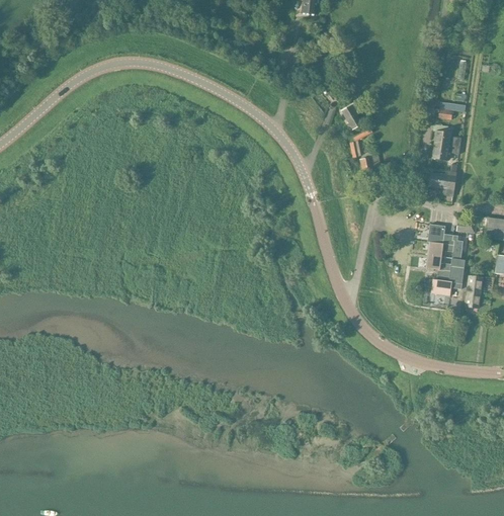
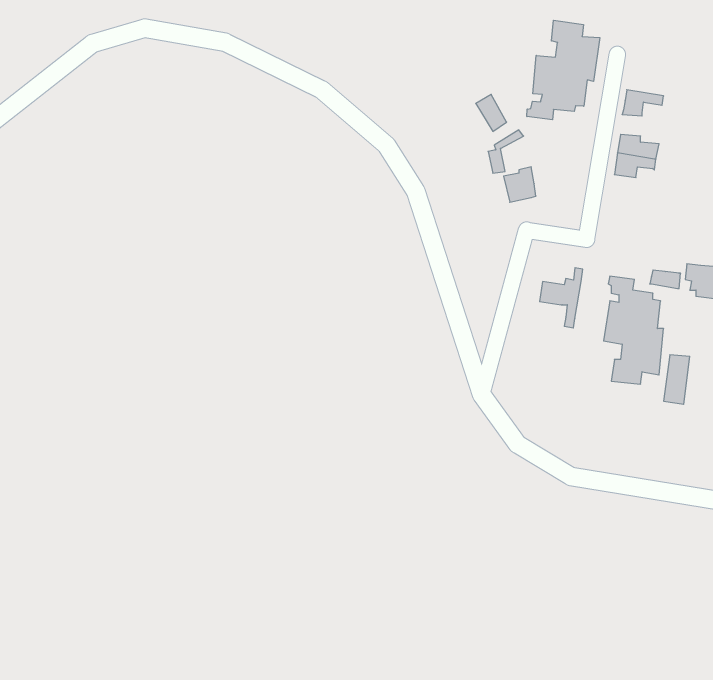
building: none -> [527,20,600,120]
building: [428,164,456,203] -> [540,268,583,328]

